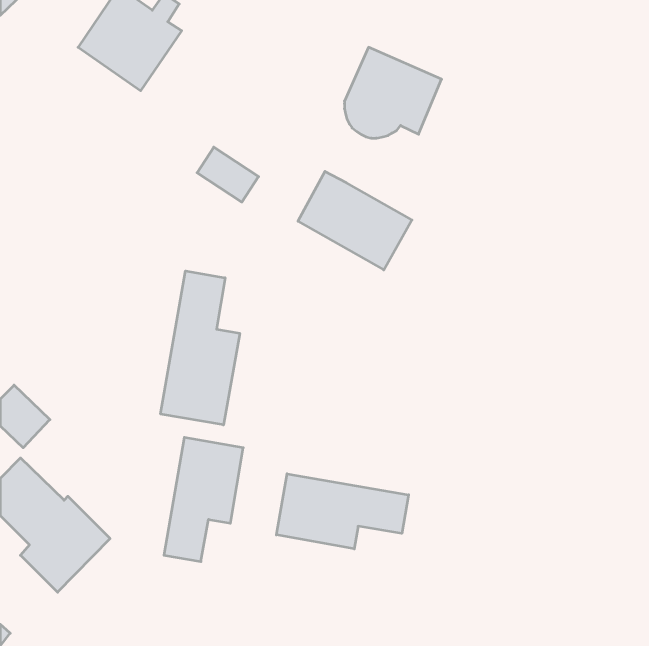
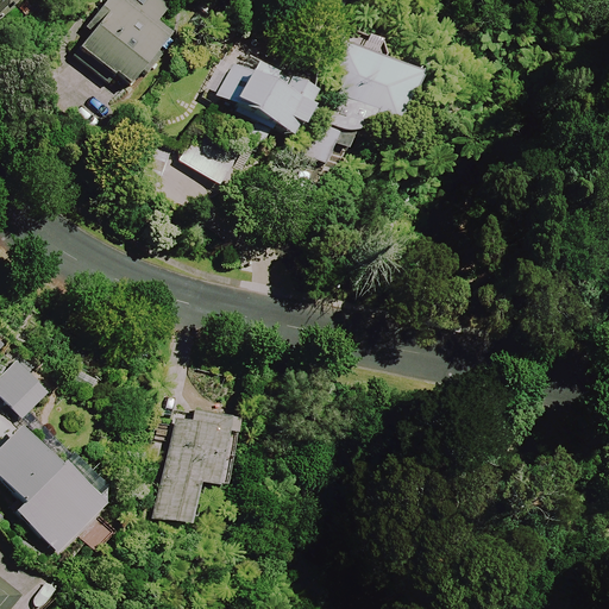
building: [298,171,412,270] -> [216,48,322,139]
building: [161,271,240,425] -> none
building: [276,474,409,549] -> none

